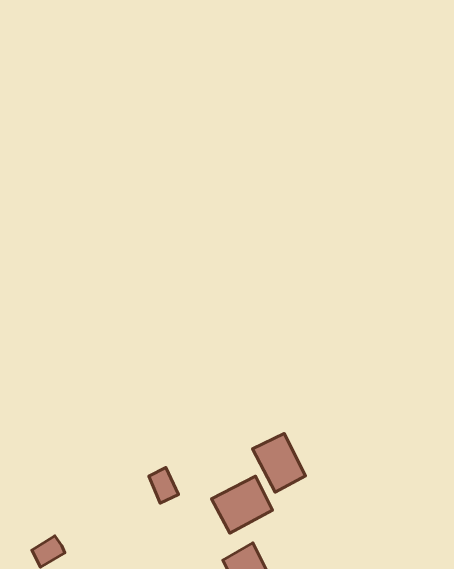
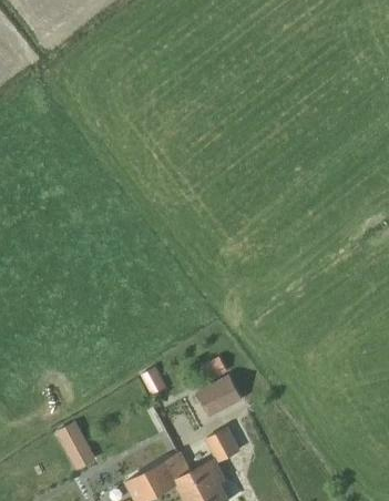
building: [253,433,306,492] -> none

